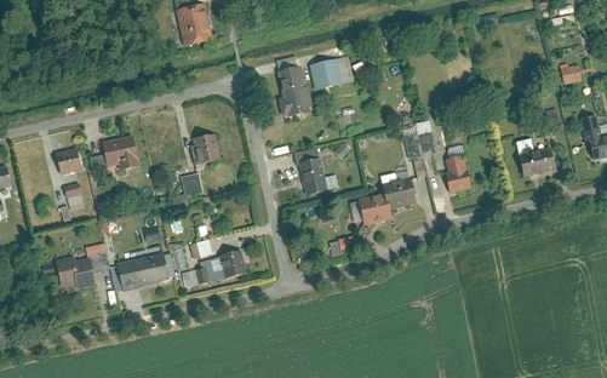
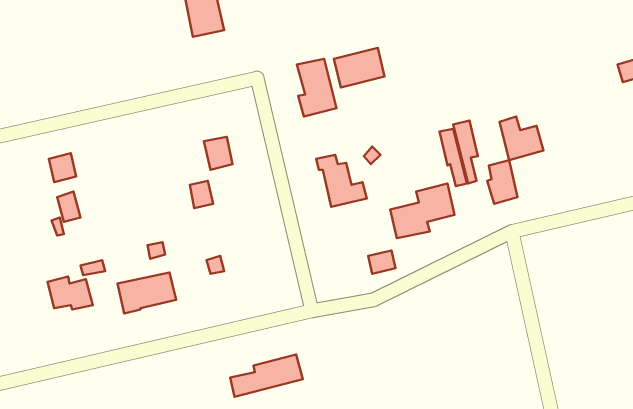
building: [102,134,139,170] -> none
building: [516,138,555,177] -> [500,116,544,160]
building: [182,252,246,290] -> [230,354,303,397]

